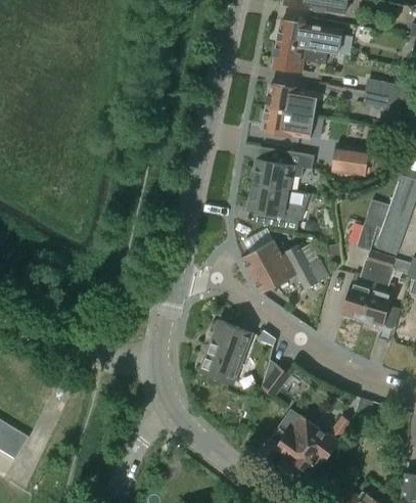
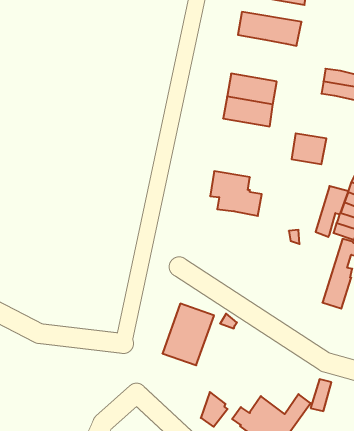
building: [274,45,328,73] -> none
building: [253,148,315,191] -> none
building: [243,241,329,294] -> none
building: [345,250,385,320] -> none
building: [263,362,290,398] -> [201,392,228,427]

